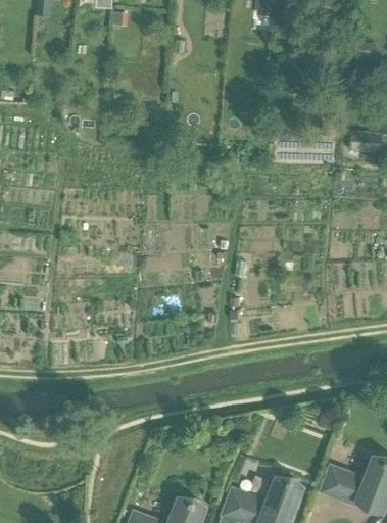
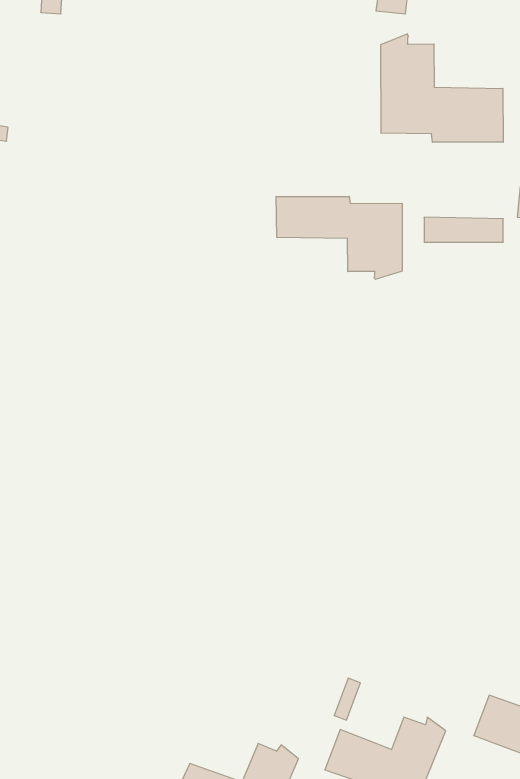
building: none -> [381,34,503,142]
building: none -> [276,196,402,279]

